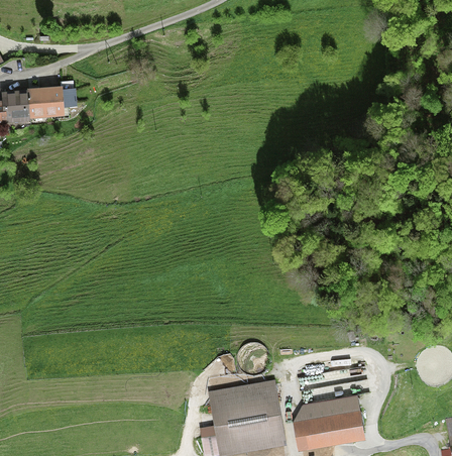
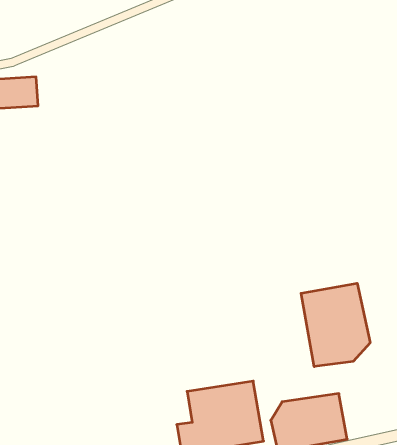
building: none -> [301,283,370,367]

